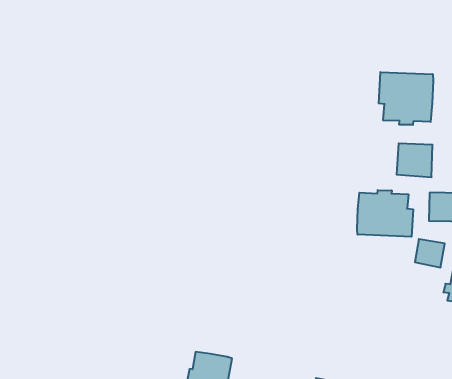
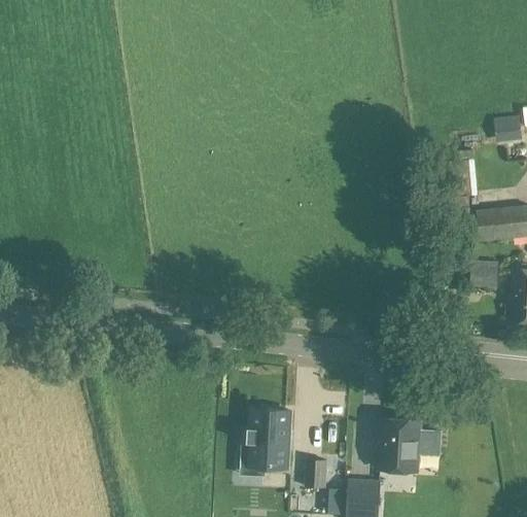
building: [379,72,433,125] -> none
building: [357,190,413,237] -> none

